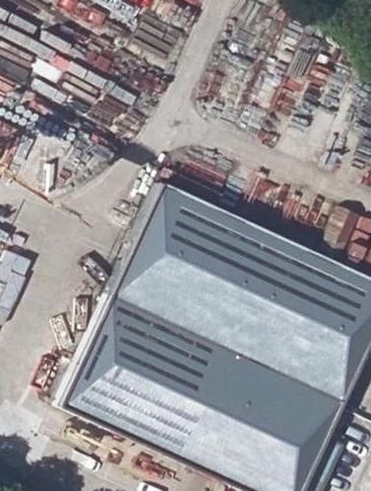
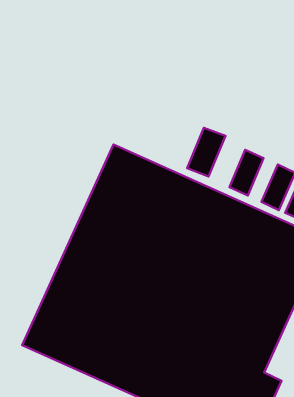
building: none -> [187,128,225,176]

